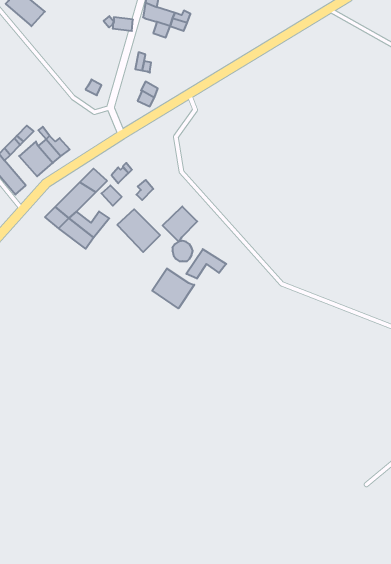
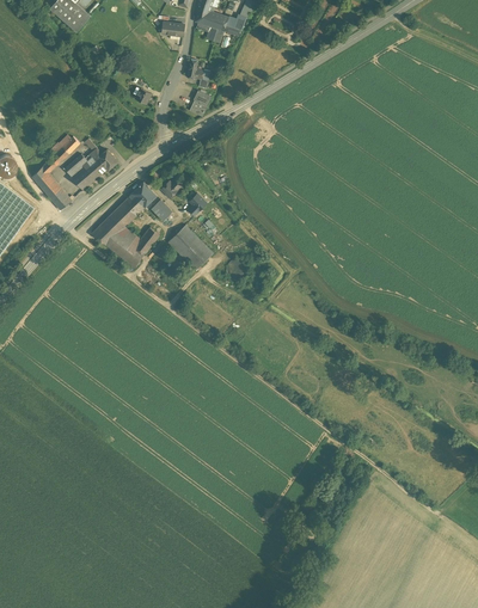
building: [163,206,197,242] -> none
building: [186,249,226,279] -> none
building: [152,268,194,308] -> none

